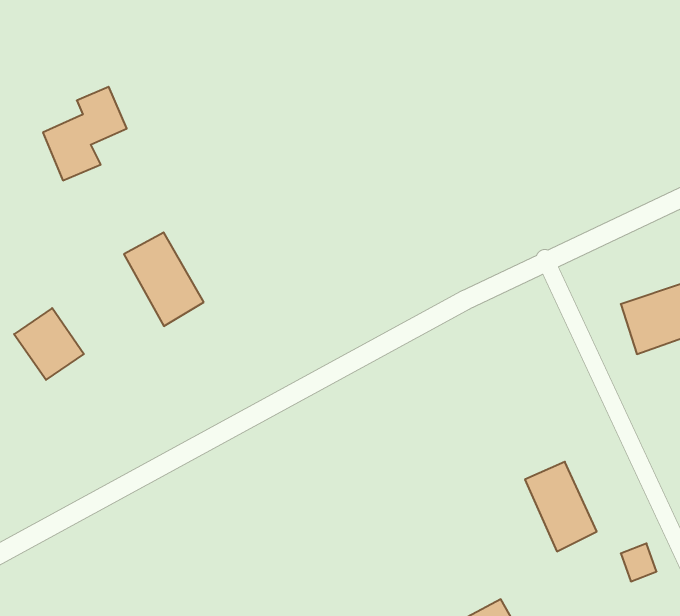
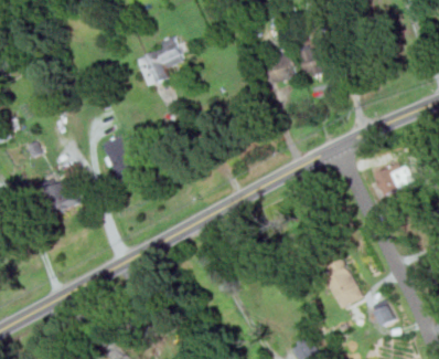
building: none -> [298,44,325,77]
building: none -> [265,51,297,82]
building: [43,87,127,180] -> [137,34,183,86]

